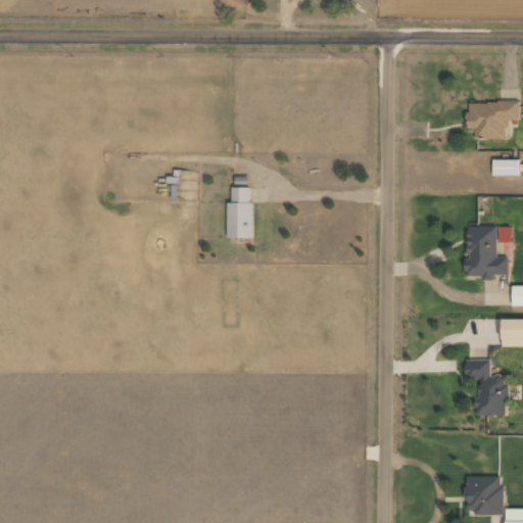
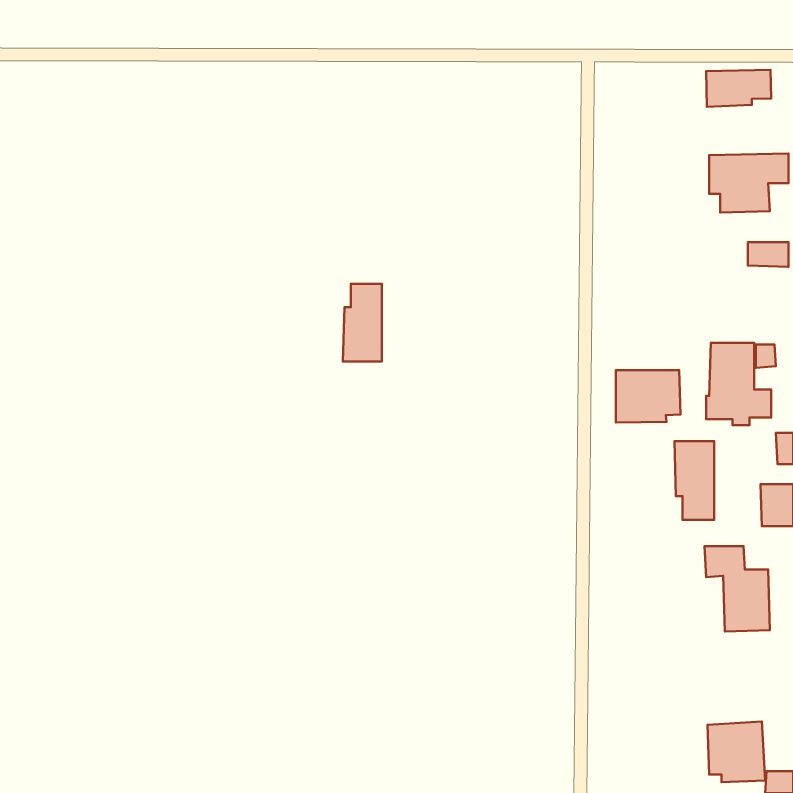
building: none -> [706,70,771,107]
building: none -> [616,370,680,423]
building: none -> [674,441,714,520]

